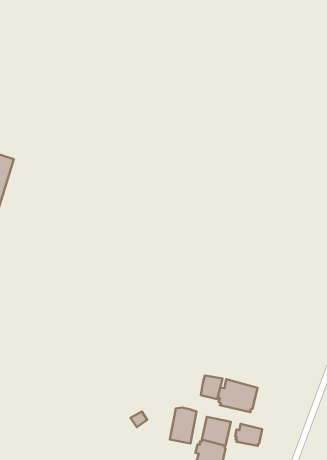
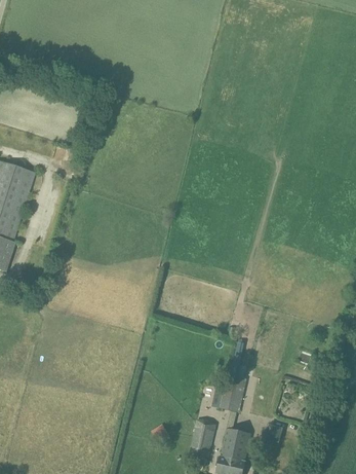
building: [218,379,258,412] -> none
building: [235,424,262,446] -> none

